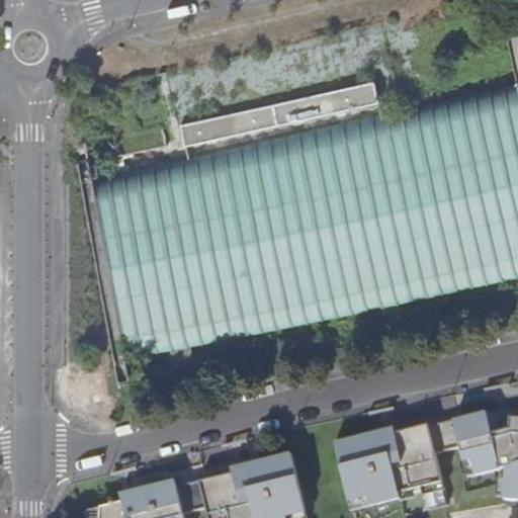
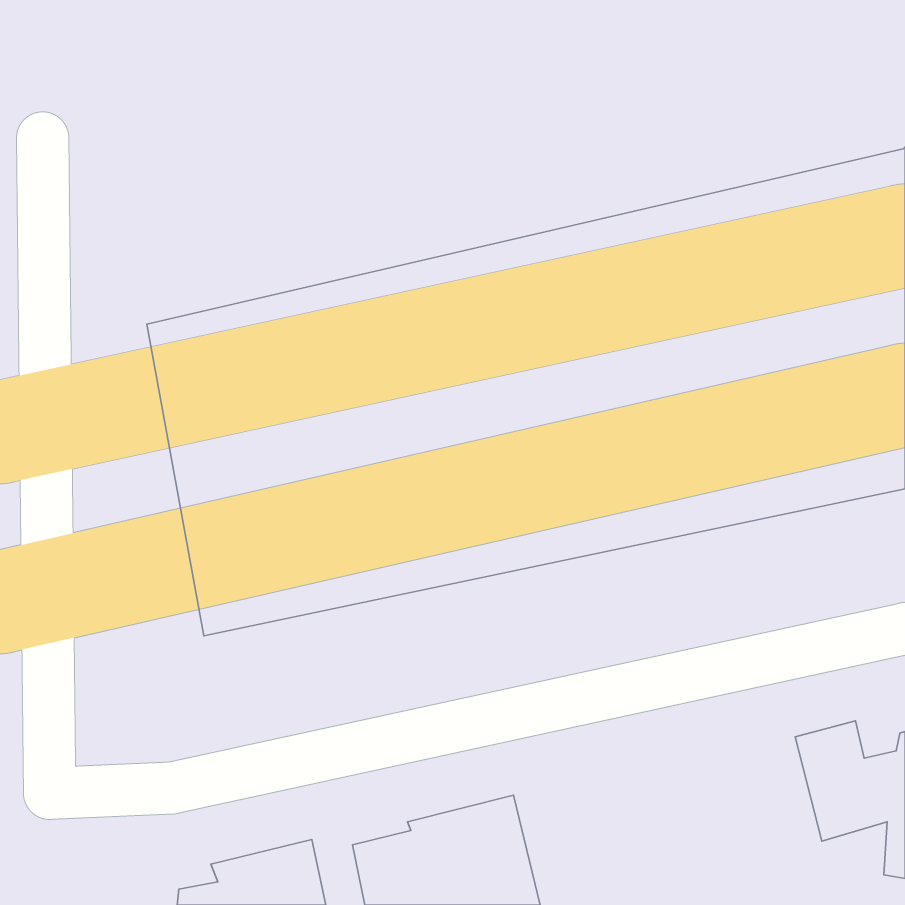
building: [184,82,383,142] -> none
building: [338,426,446,513] -> none

